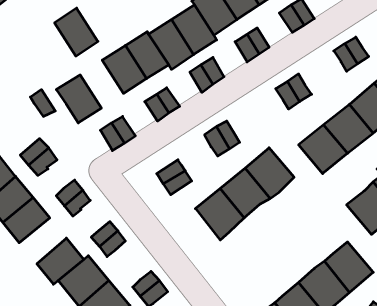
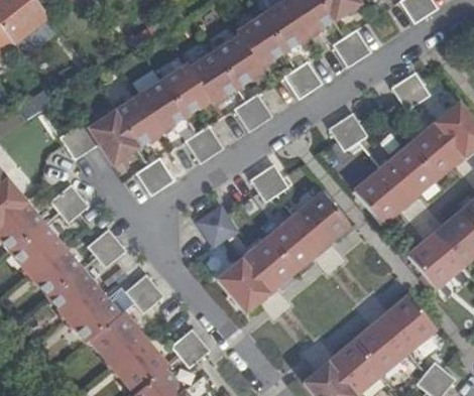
building: [55,8,98,56] -> [114,97,161,149]
building: none -> [218,259,267,311]
building: none -> [47,269,99,319]

